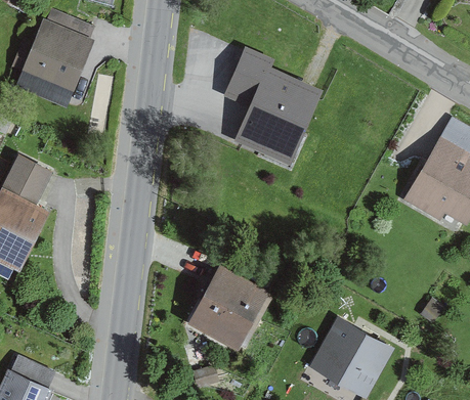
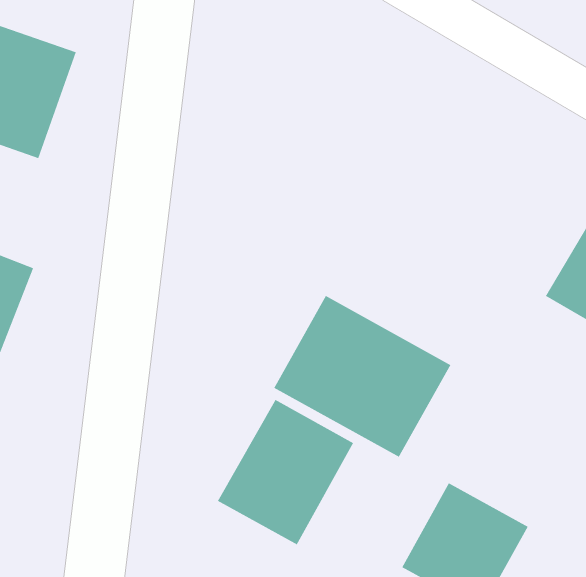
building: [206,46,326,165] -> none
building: none -> [273,295,452,458]

